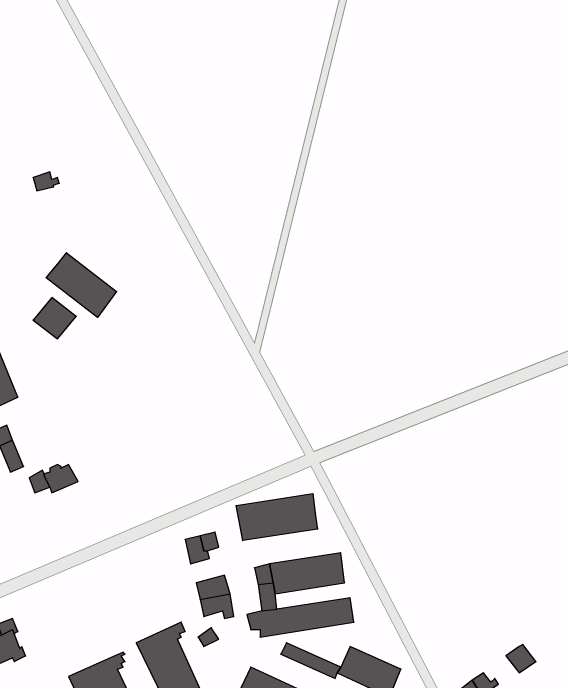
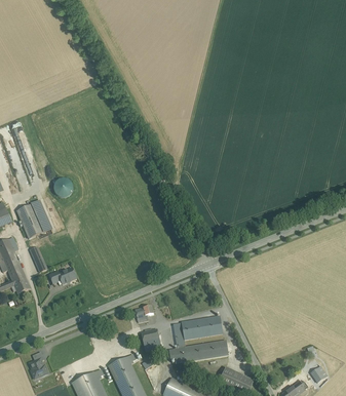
building: [46,253,117,317] -> none
building: [236,494,318,541] -> none

